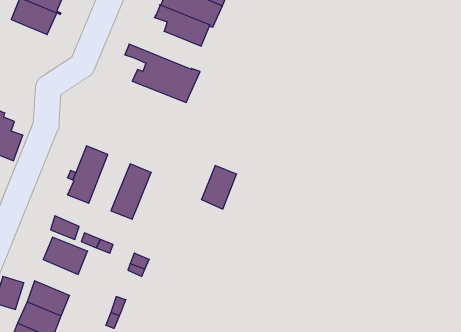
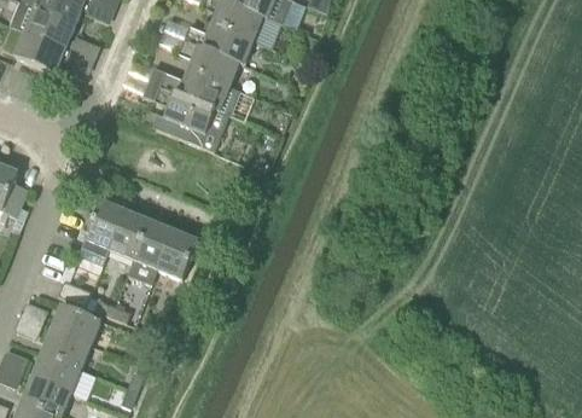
building: none -> [147,69,238,116]
building: none -> [107,210,149,260]
building: [201,166,237,209] -> [157,231,197,280]
building: none -> [40,330,89,371]

